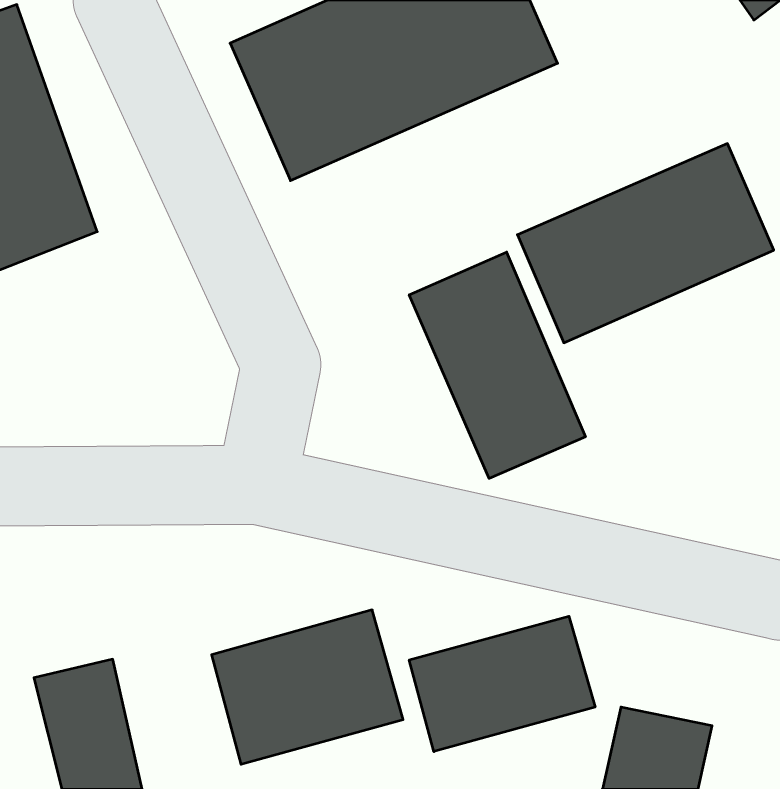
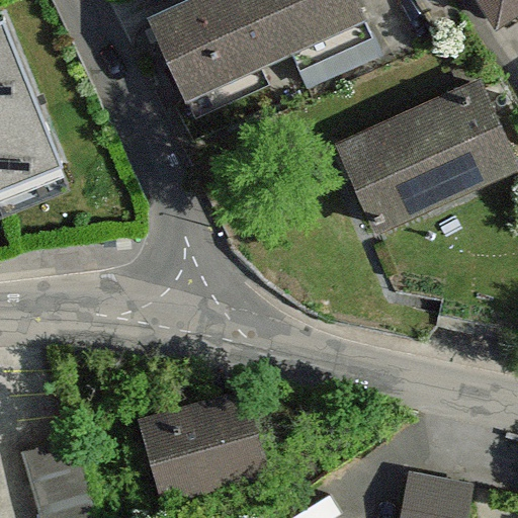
building: [409,252,585,478] -> none
building: [409,616,595,752] -> none

